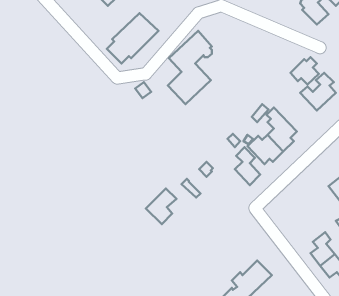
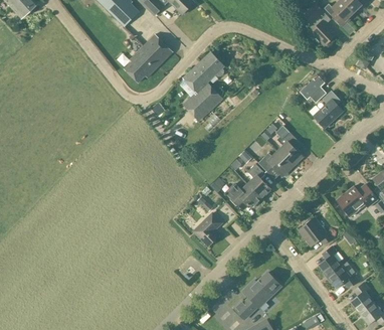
building: none -> [225,182,260,210]
building: [146,188,176,224] -> [193,212,222,246]
building: none -> [299,217,334,245]

